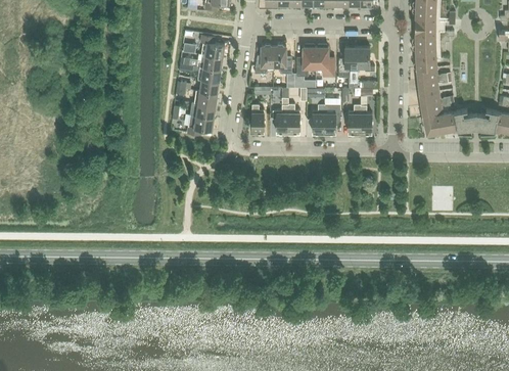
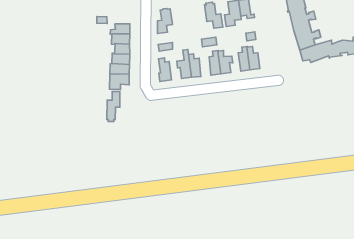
building: [200,35,225,57] -> none
building: [274,45,292,74] -> none
building: [296,45,316,76] -> none
building: none -> [107,92,120,122]

